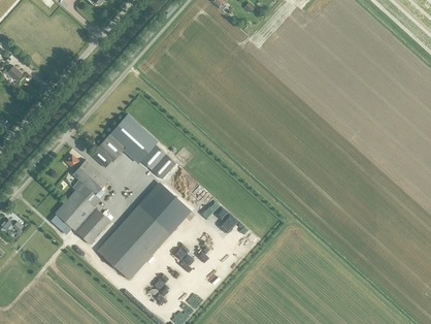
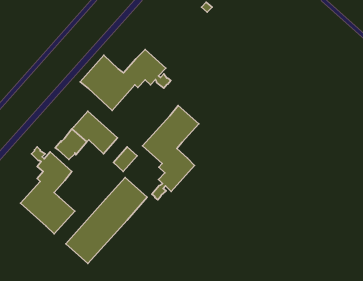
building: none -> [80,50,171,110]
building: none -> [143,106,199,200]

